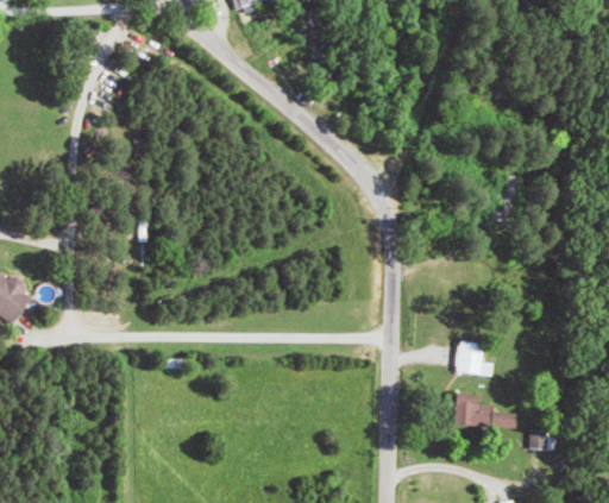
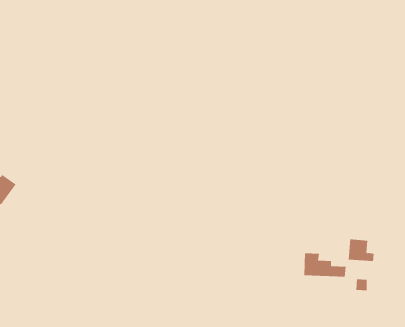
building: [454,341,494,375] -> [348,239,375,261]

